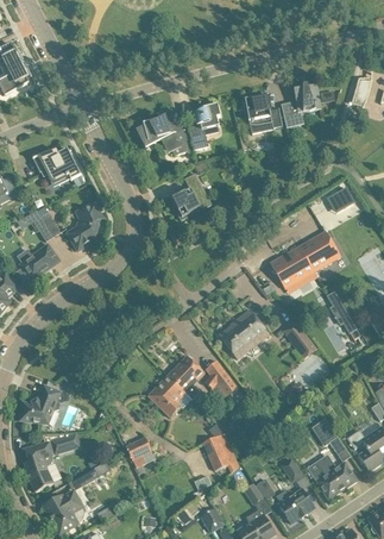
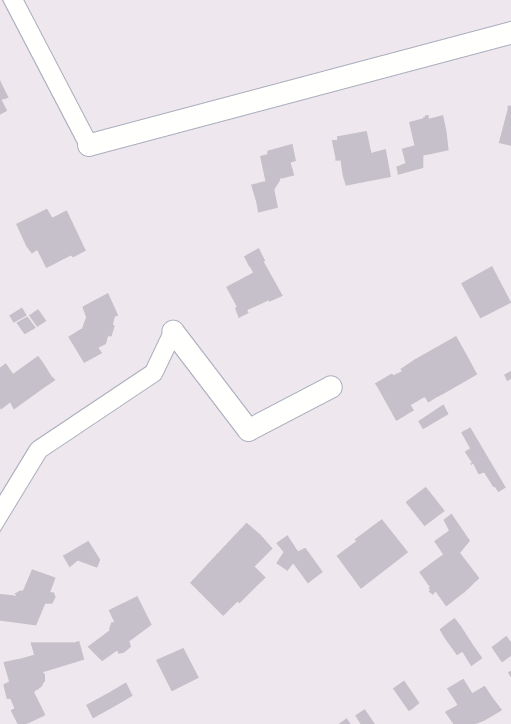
building: [136,117,189,155] -> none
building: [218,309,266,357] -> [335,518,409,590]
building: none -> [418,513,480,608]
building: none -> [87,595,152,662]
building: [201,432,238,472] -> none

